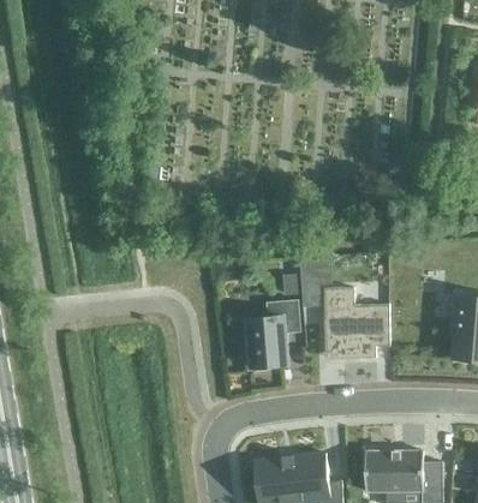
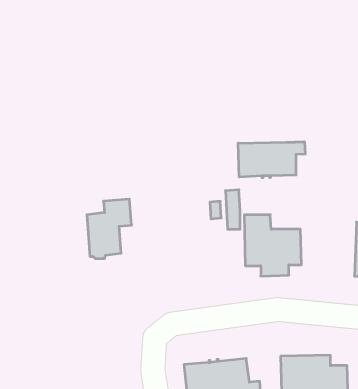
building: none -> [238,142,305,178]
building: [247,301,299,370] -> [87,199,132,258]

